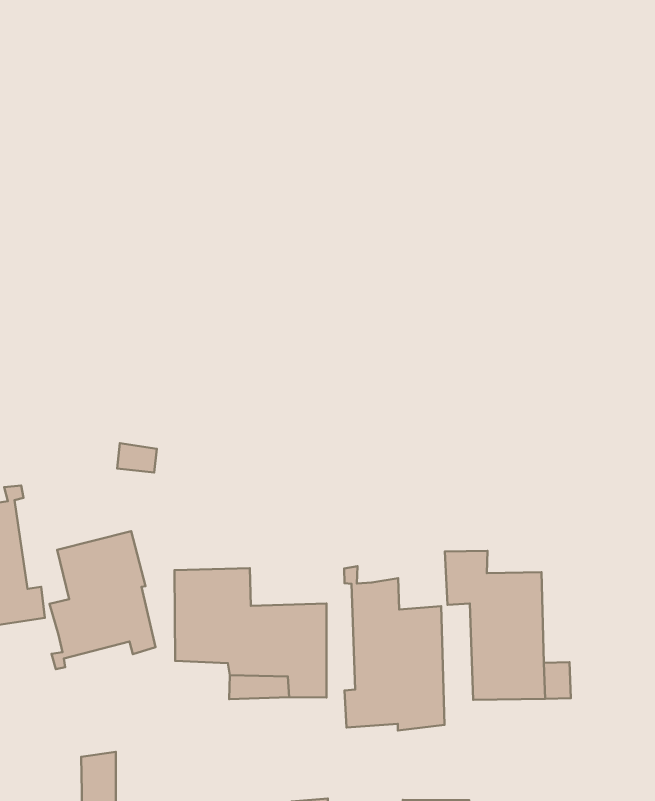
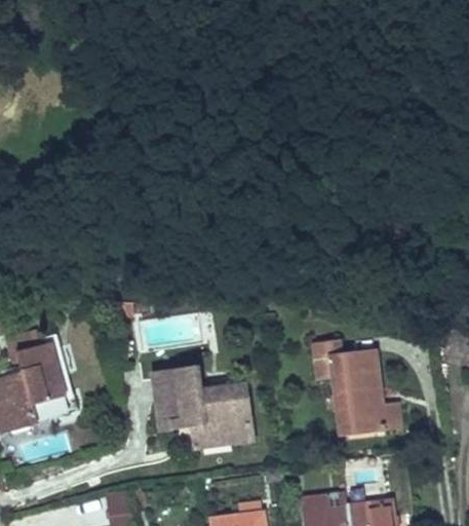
building: [50,531,156,669] -> none
building: [344,566,445,730] -> none

